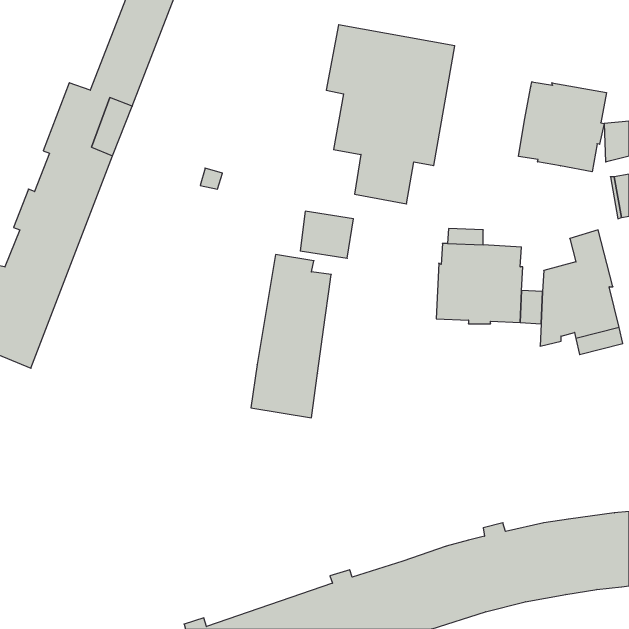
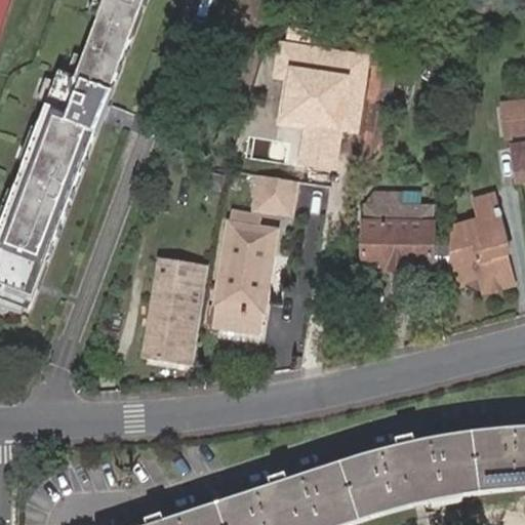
building: [519,82,606,172] -> none
building: none -> [142,256,208,366]

